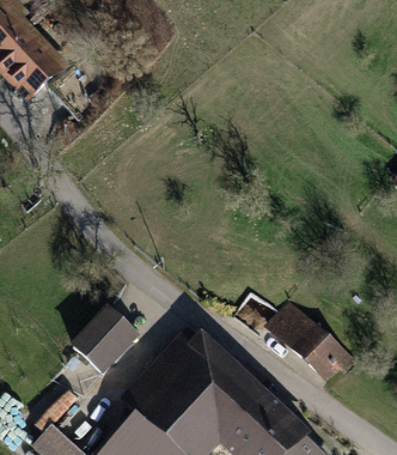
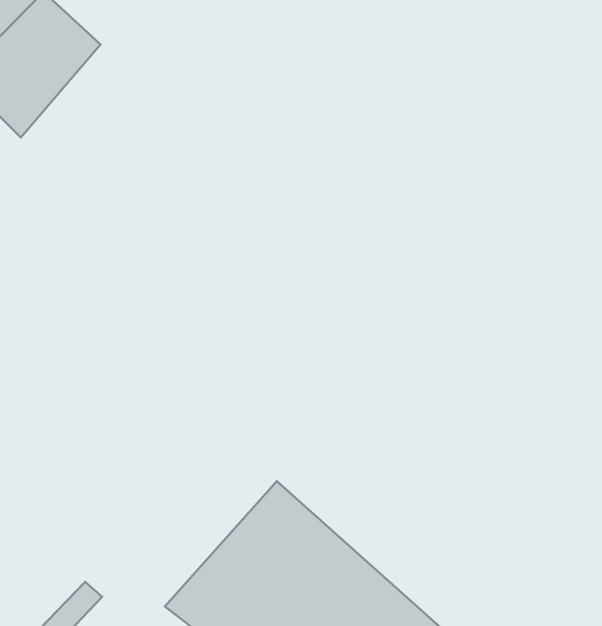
building: [263,296,341,381] -> none
building: [71,305,139,375] -> none

